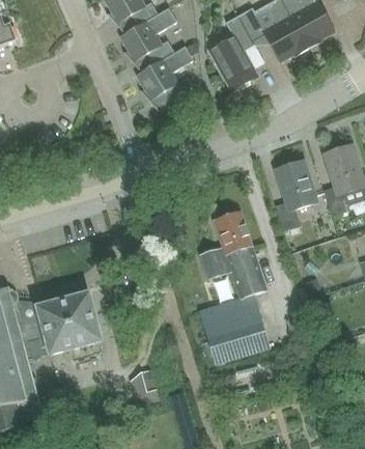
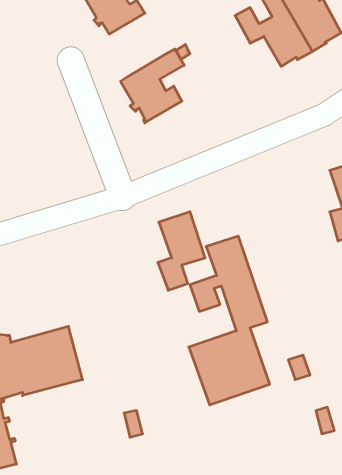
building: [119,6,176,69] -> none
building: [209,15,257,89] -> none
building: [275,160,317,230] -> [158,212,205,290]

